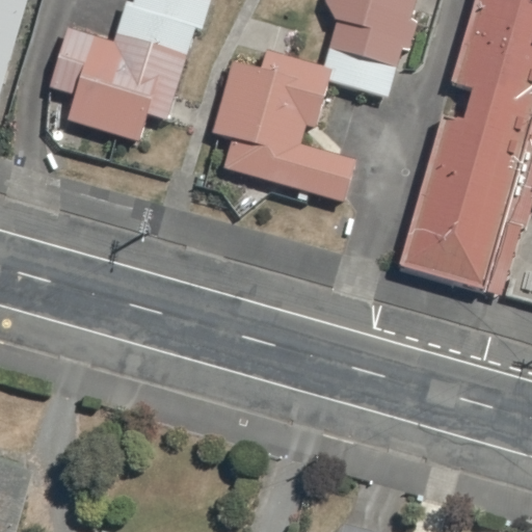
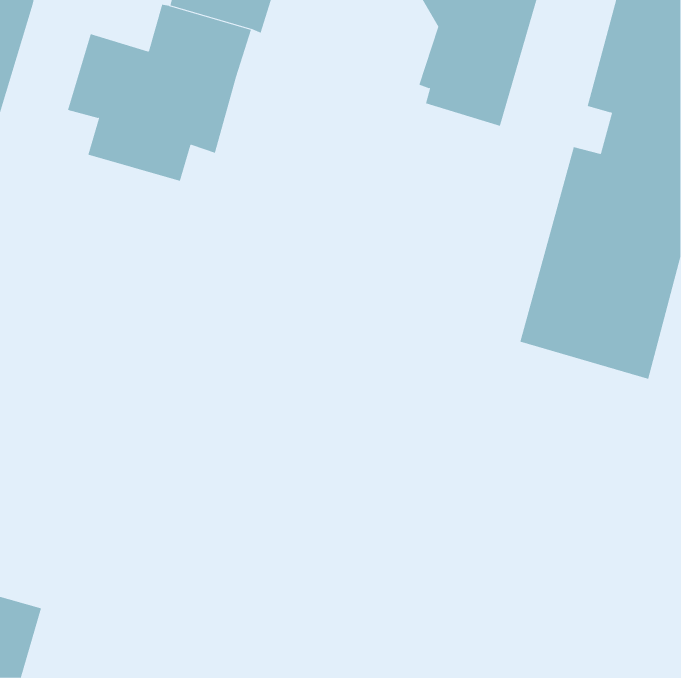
building: [212,50,355,201] -> none

